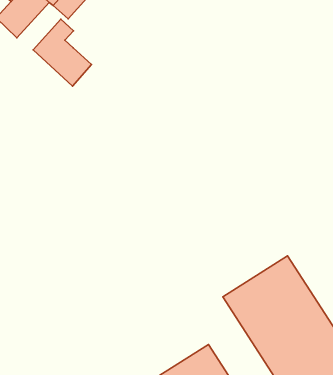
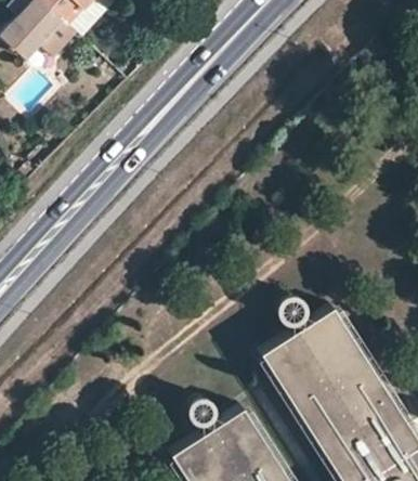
building: [33,19,92,86] -> none

